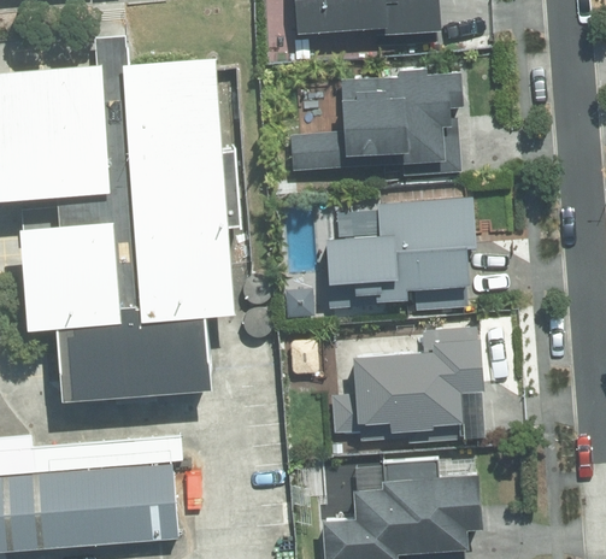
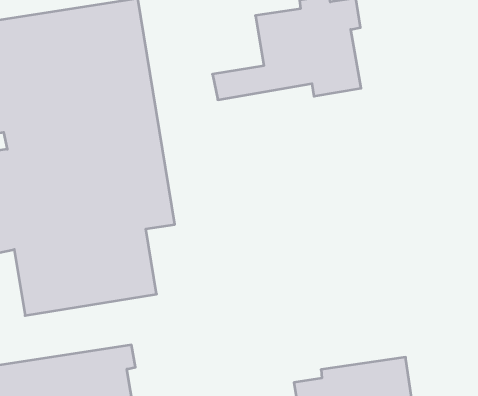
building: [320,199,475,313] -> none
building: [352,331,481,434] -> none

